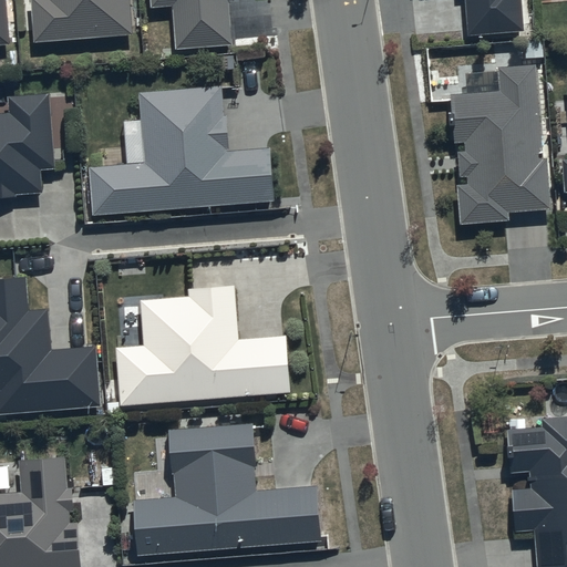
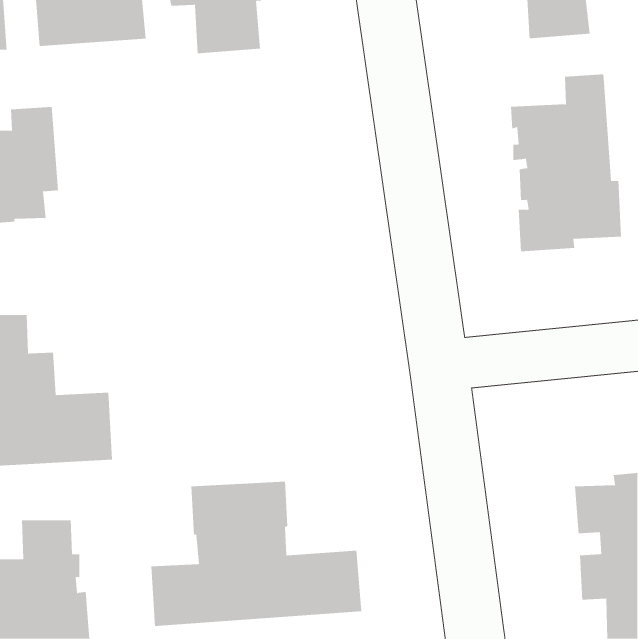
building: [90,86,272,213] -> none
building: [116,287,289,405] -> none

